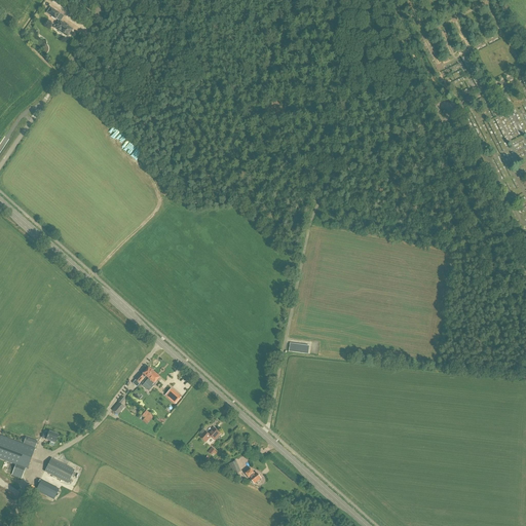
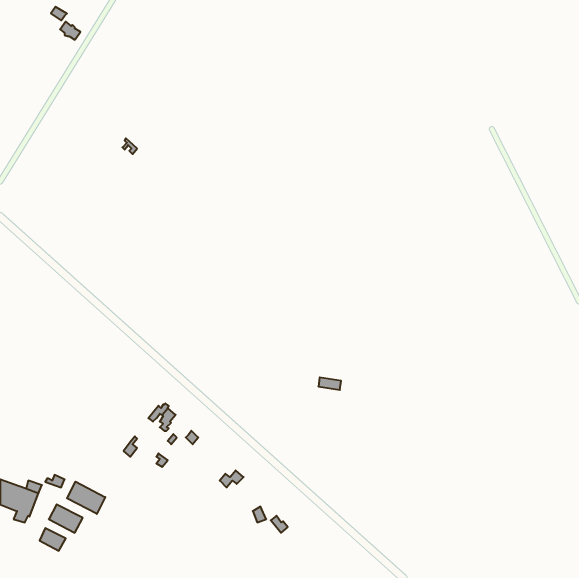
building: none -> [67,482,105,514]

